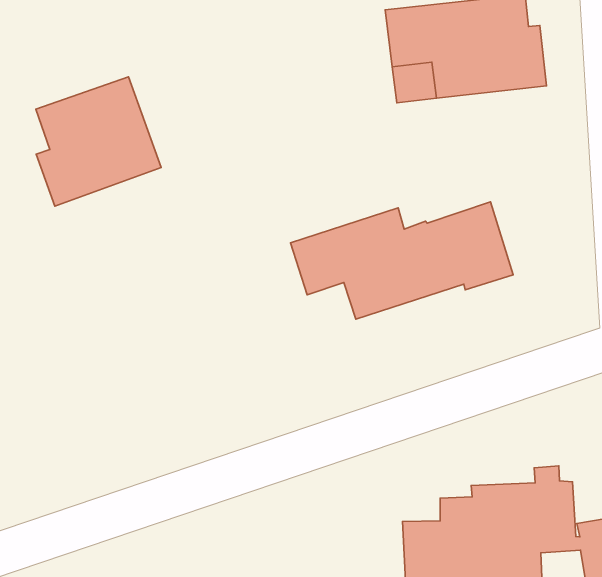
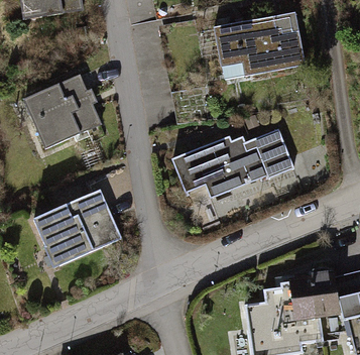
building: none -> [34,191,120,264]

